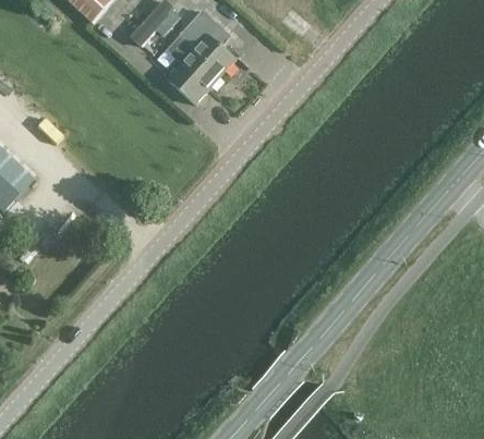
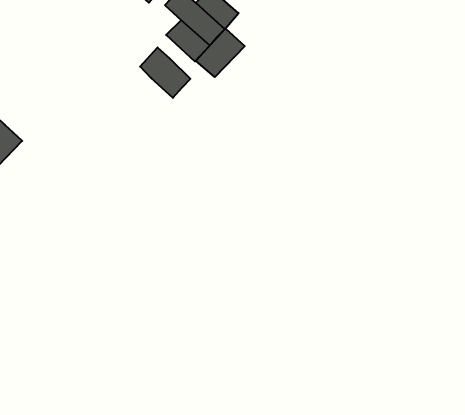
building: none -> [196,28,245,77]
building: none -> [140,47,190,98]

